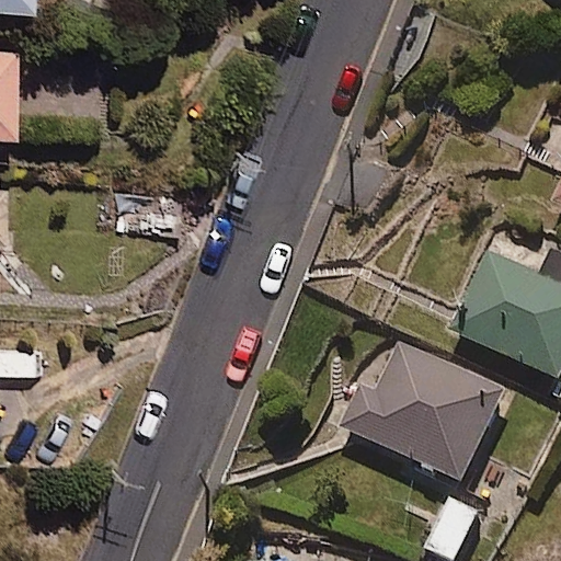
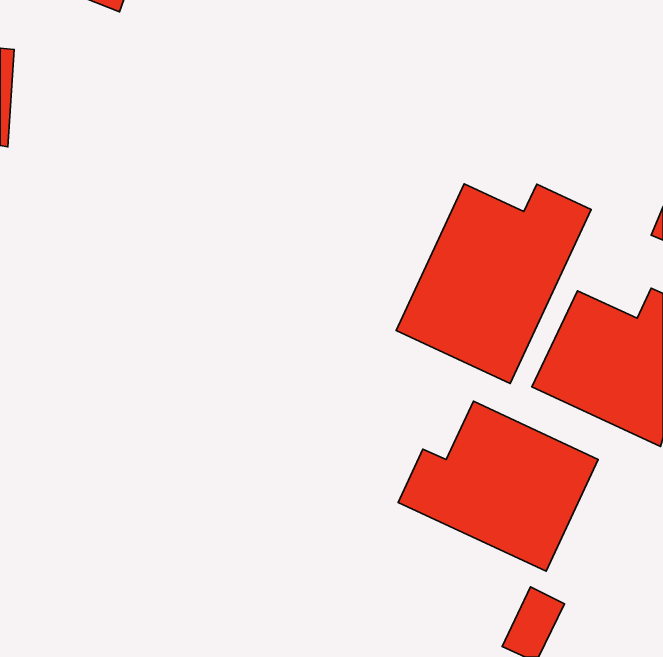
building: none -> [396,184,591,384]

